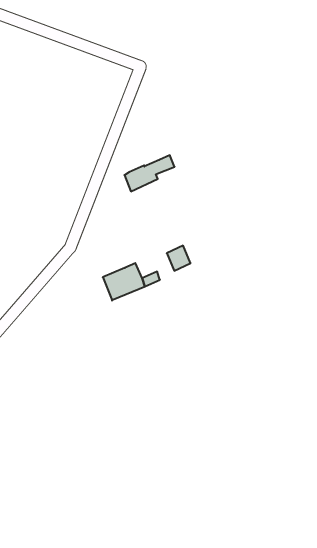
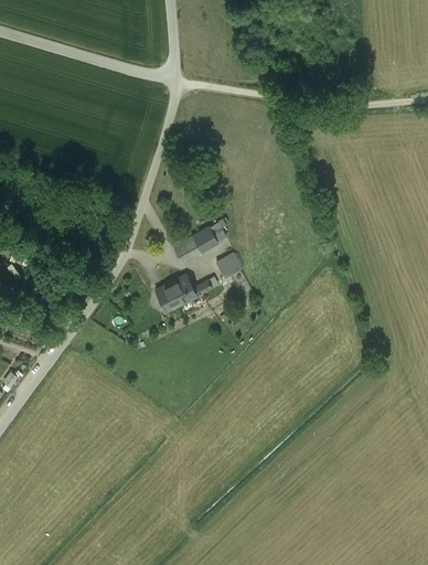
building: [124,155,175,191] -> [173,224,222,263]

